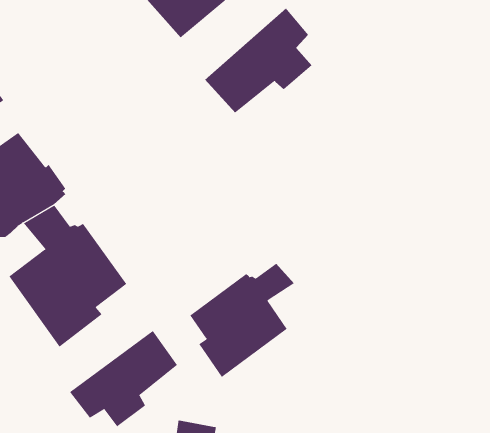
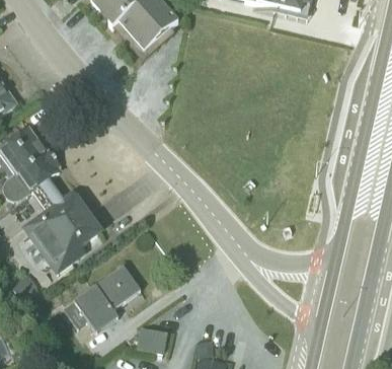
building: [204,7,312,113] -> none
building: [190,263,295,378] -> none

